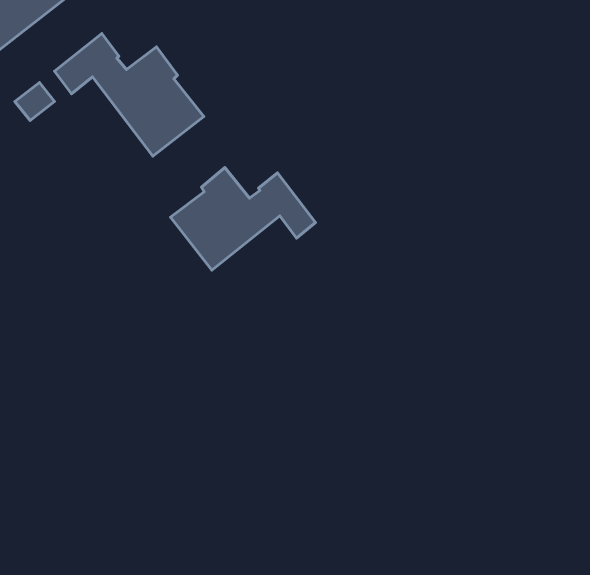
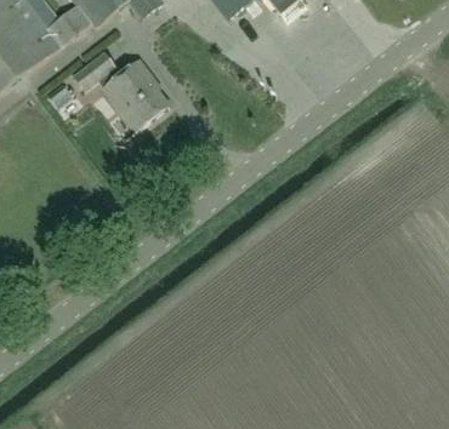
building: [171,168,316,270] -> none

